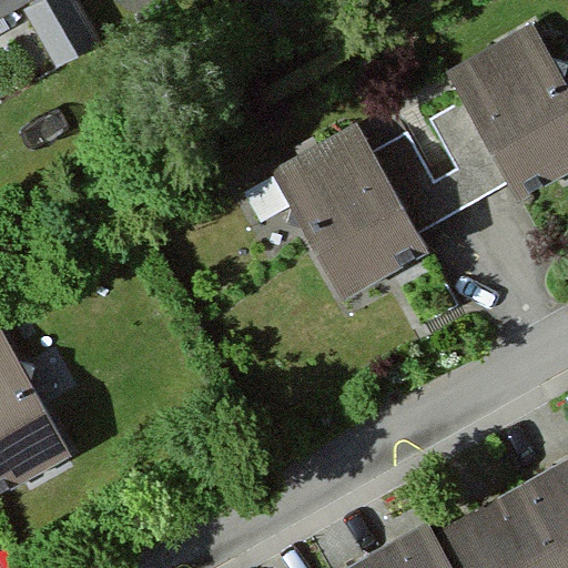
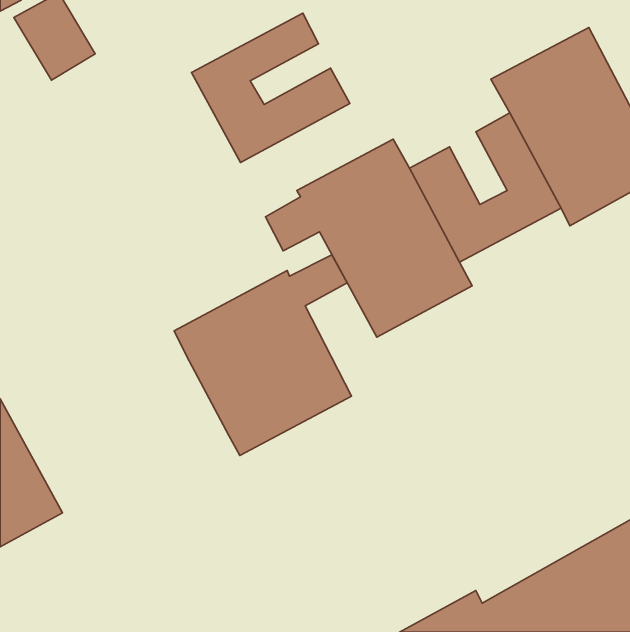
building: none -> [191,13,350,163]
building: none -> [174,255,352,455]

